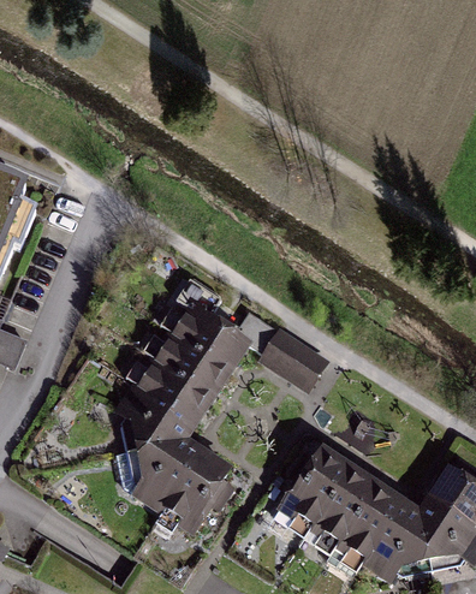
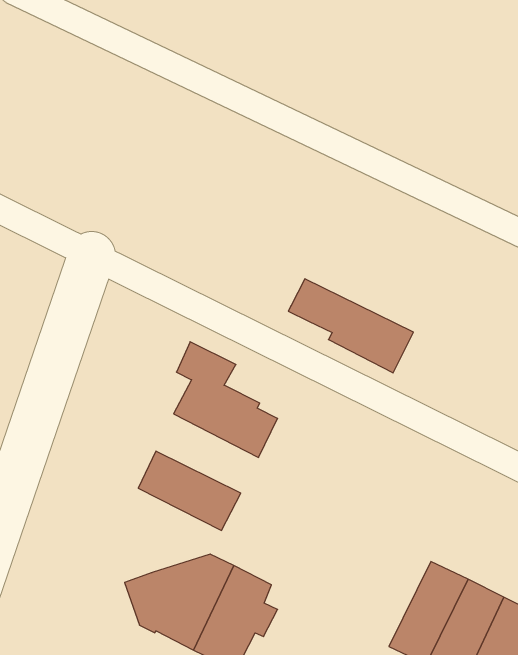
building: [233,310,326,390] -> [288,279,413,373]
building: [153,329,230,396] -> none
building: [118,382,195,447] -> none
building: [280,449,350,525] -> none

